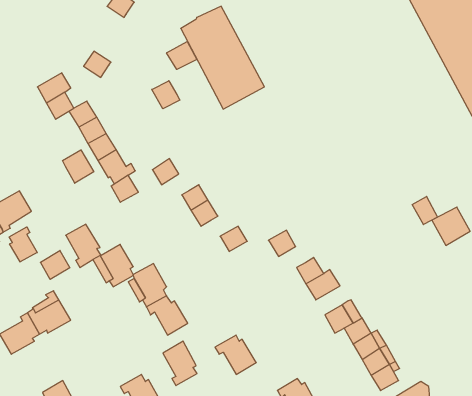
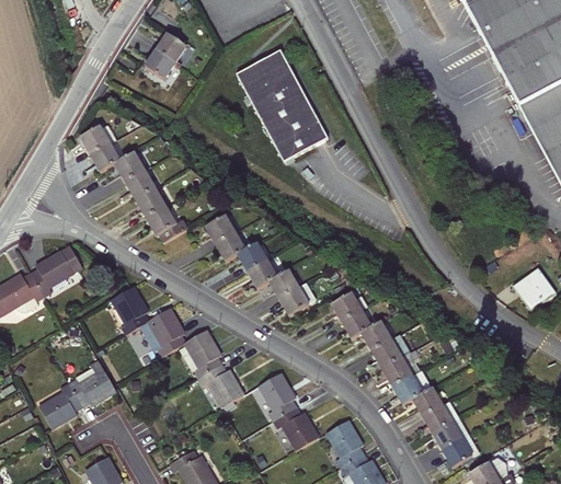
building: [167,42,197,69] -> none
building: [84,51,111,77] -> [146,50,175,79]
building: [152,81,180,109] -> none
building: [63,150,94,183] -> none
building: [111,175,138,202] -> [216,232,245,262]
building: [412,196,437,225] -> none
building: none -> [270,272,299,300]
building: [9,227,37,262] -> none
building: none -> [343,311,373,339]
building: [40,250,70,279] -> none
building: none -> [383,354,419,385]
building: [163,341,197,386] -> [260,372,297,420]
building: none -> [328,419,364,468]

